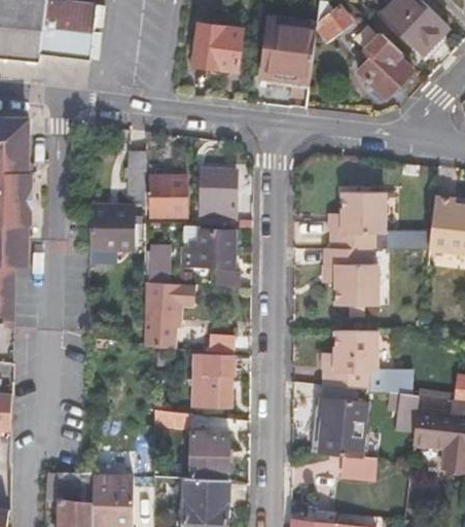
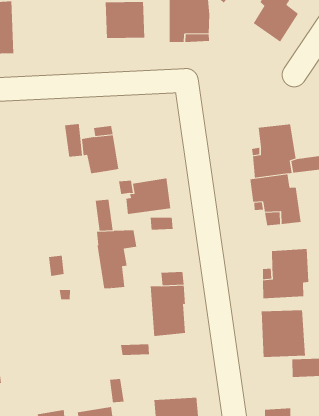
building: [202,167,238,219] -> none
building: [87,207,133,268] -> none
building: [193,432,228,477] -> none

